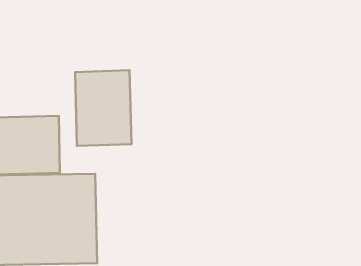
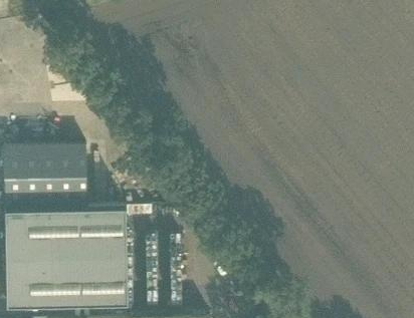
building: [75,70,131,146] -> none

